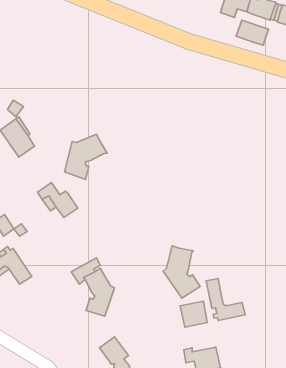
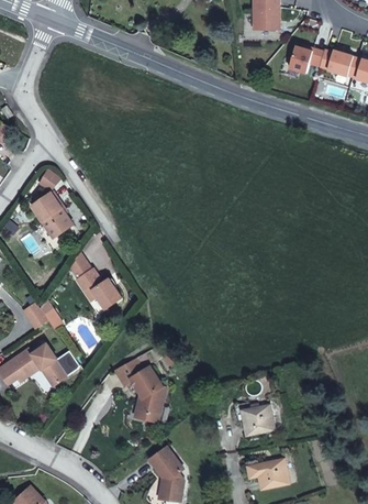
building: [236,20,269,45] -> none
building: [65,134,107,180] -> none
building: [163,246,200,298] -> none
building: [206,279,245,321] -> none

